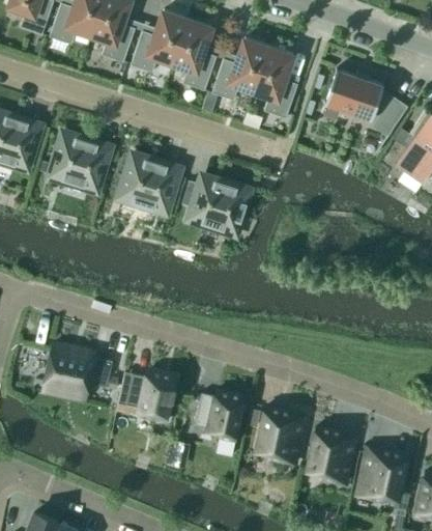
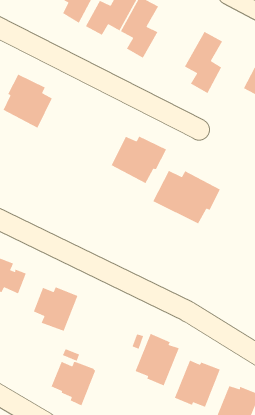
building: [211,37,269,100] -> none
building: [121,153,178,214] -> none
building: none -> [152,170,221,225]
building: [192,392,241,444] -> [50,361,96,407]

